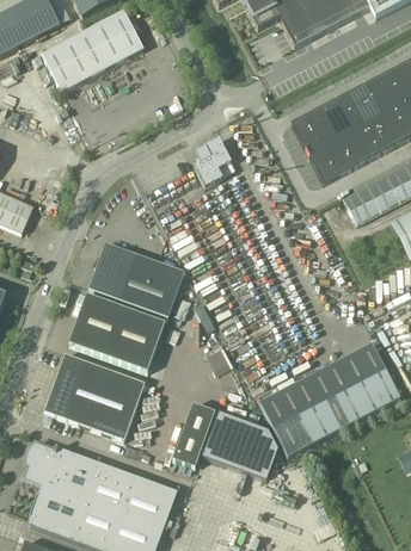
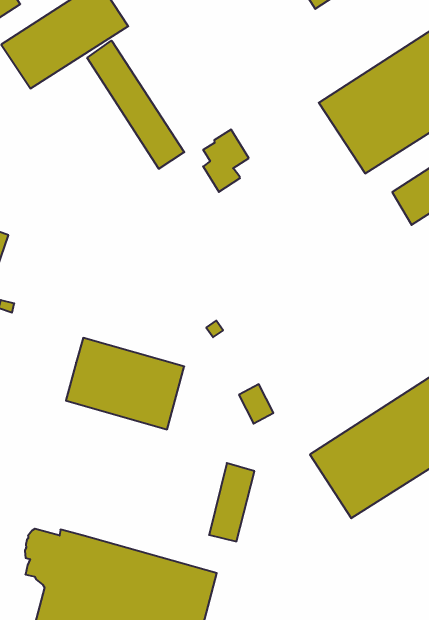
building: none -> [87,41,184,169]
building: [88,243,185,318] -> none
building: [44,354,145,441] -> none
building: [202,411,278,481] -> none

